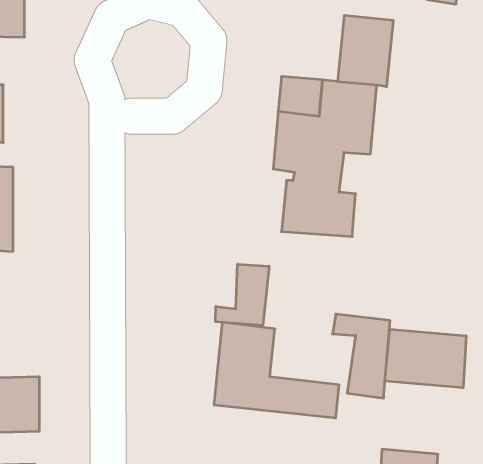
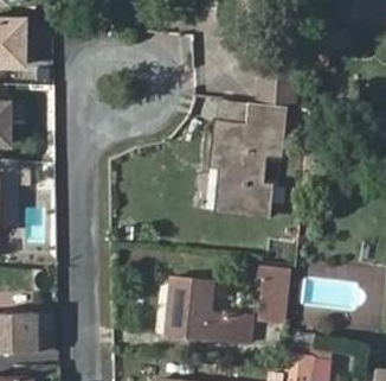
building: [216,264,269,325] -> none
building: [385,329,466,388] -> none

